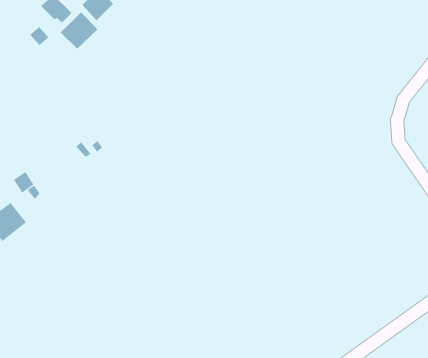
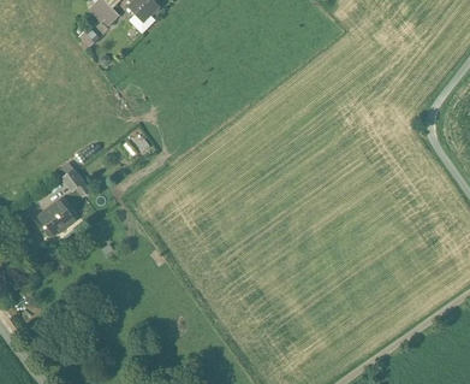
building: [60,11,98,50] -> none

